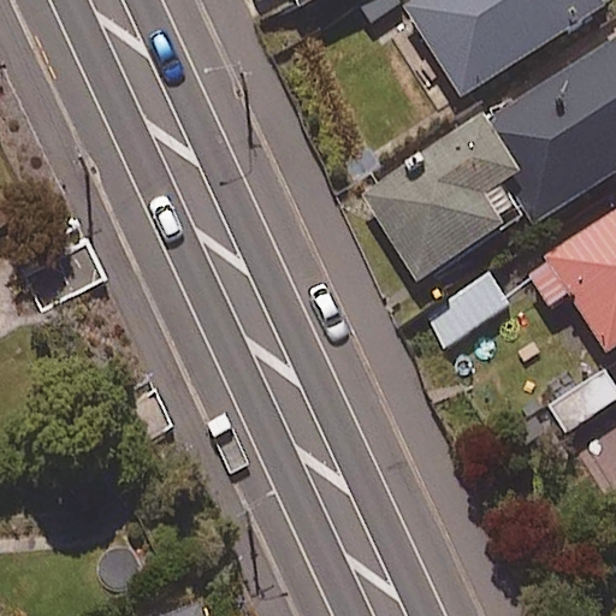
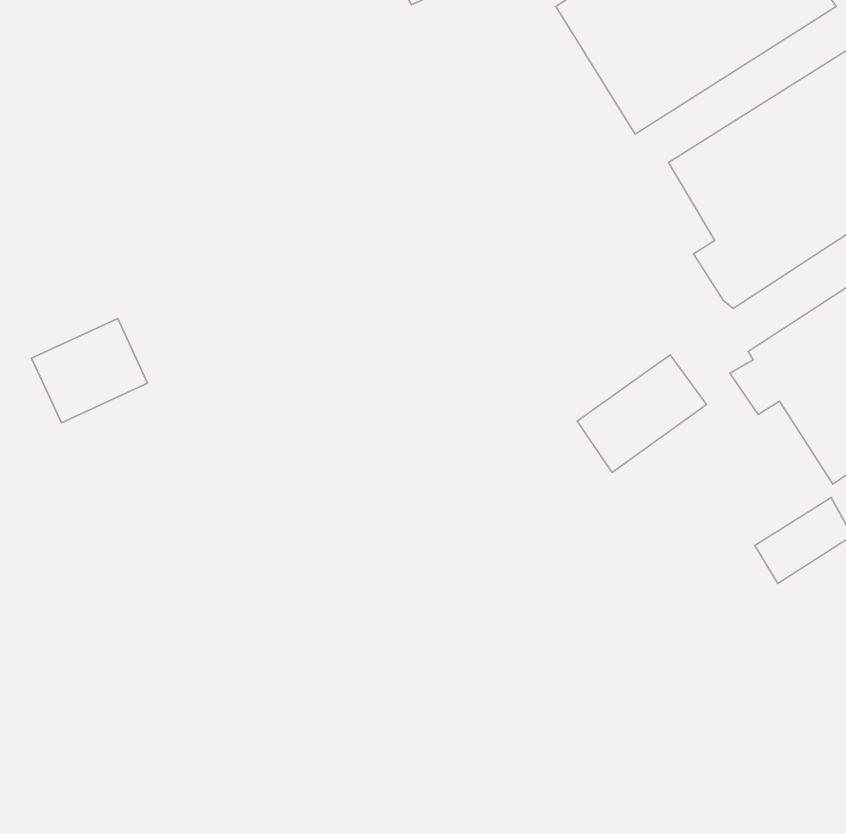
building: [361,118,526,285] -> none

